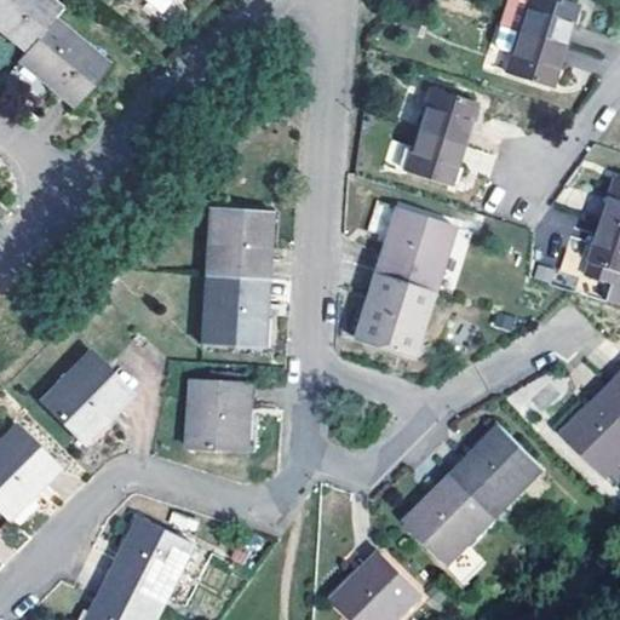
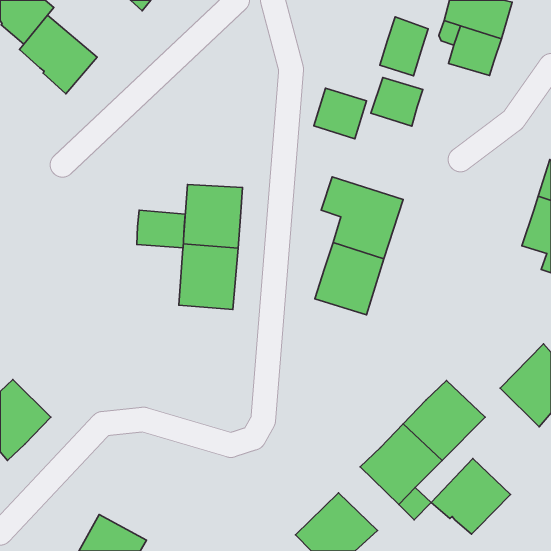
building: none -> [380,17,428,76]
building: [403,127,463,184] -> [314,88,367,139]
building: none -> [137,210,185,248]
building: [40,351,132,442] -> none
building: [188,380,253,452] -> none
building: none -> [431,459,511,534]
building: [111,519,197,607] -> none

